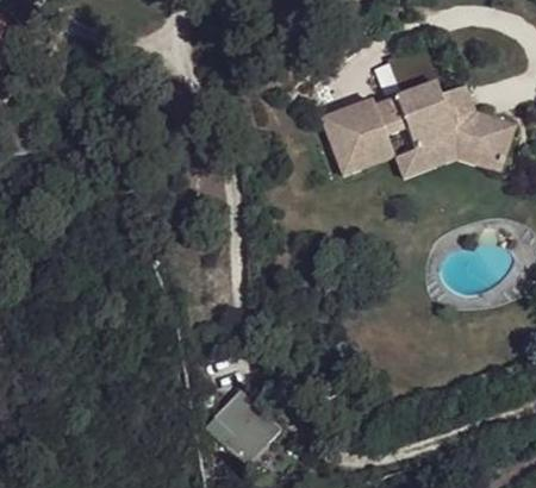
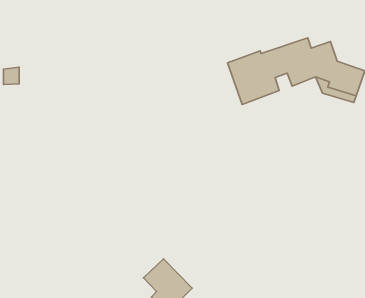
building: [395,136,455,177] -> none

